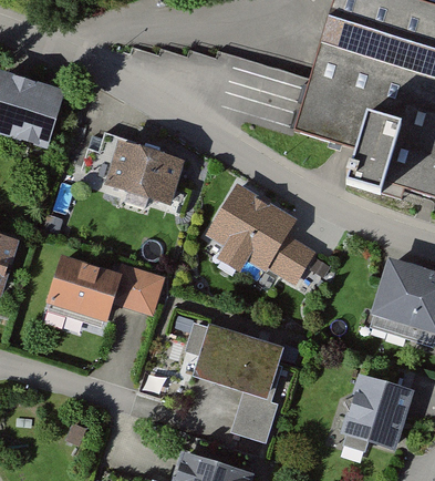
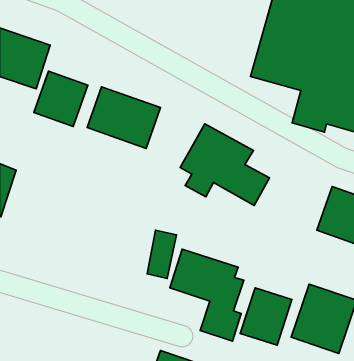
building: none -> [34,71,88,127]
building: [43,256,165,321] -> none
building: none -> [240,288,292,345]

